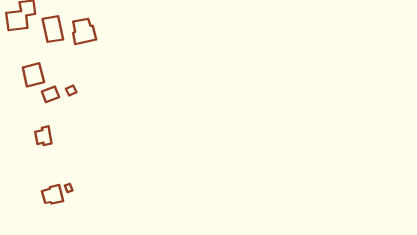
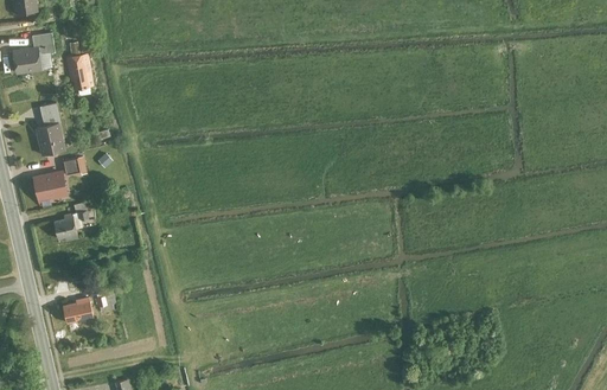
building: [73,19,96,44] -> none
building: none -> [32,167,69,200]

